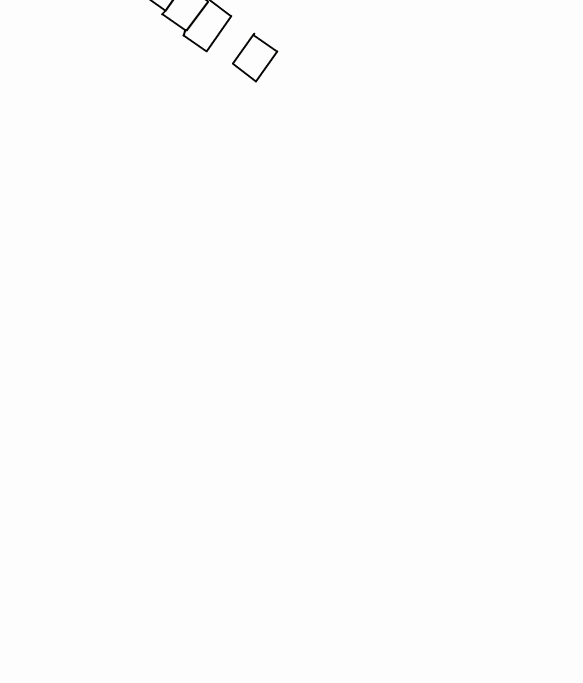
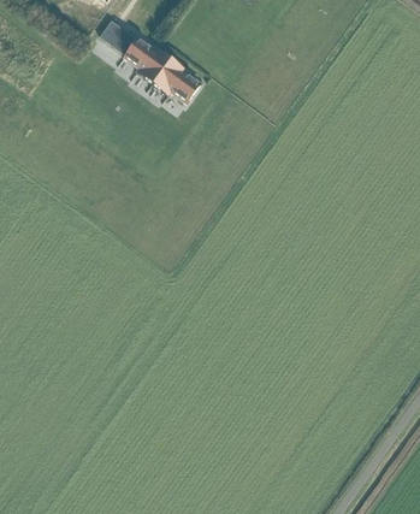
building: none -> [154,58,188,94]

